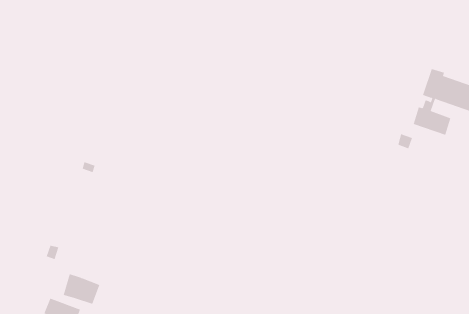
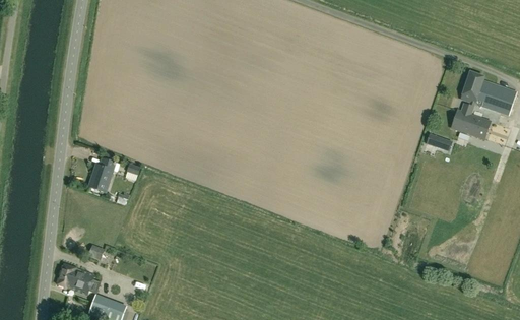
building: none -> [88,157,116,192]
building: [63,273,100,304] -> [57,263,93,294]

